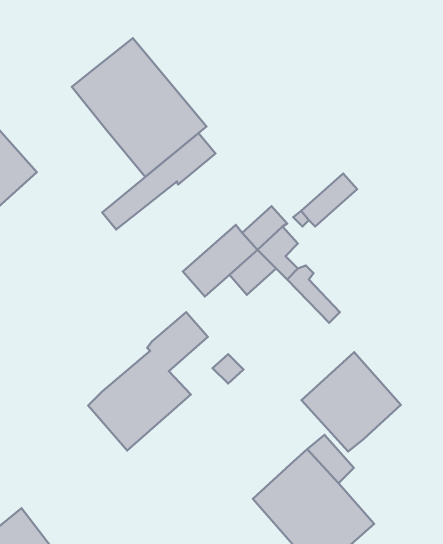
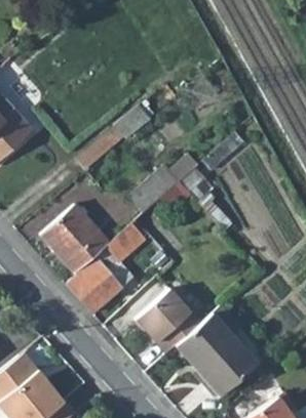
building: [72,38,207,177] -> none
building: none -> [41,204,110,275]
building: [301,352,401,452] -> [136,288,201,353]

